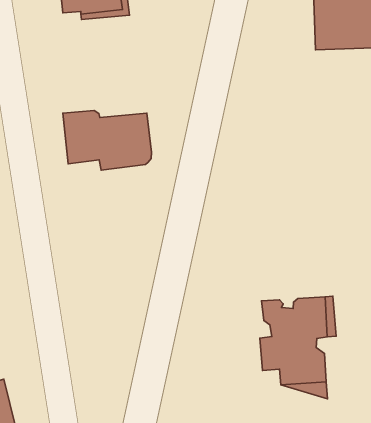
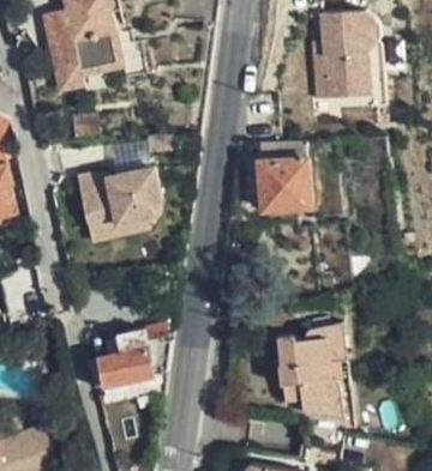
building: none -> [252,141,306,212]
building: none -> [85,331,169,388]

